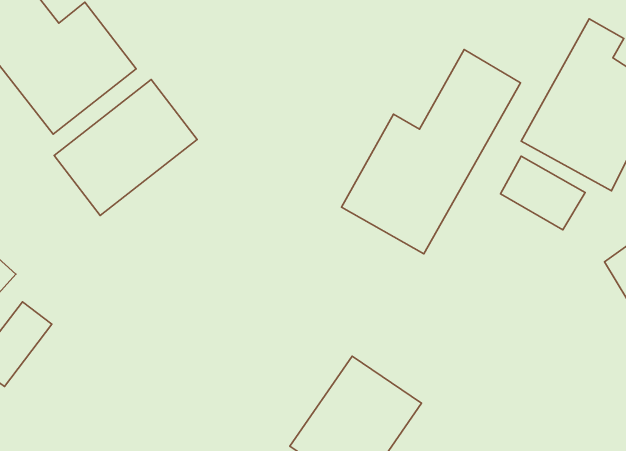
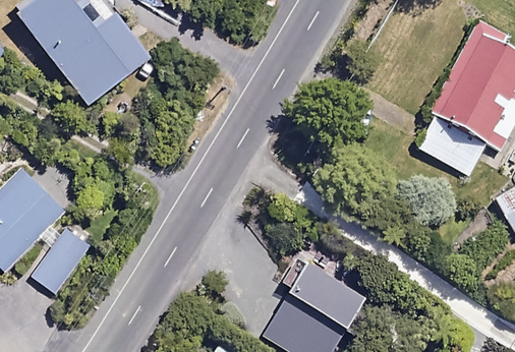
building: [342,50,520,254] -> none
building: [54,79,197,216] -> none

